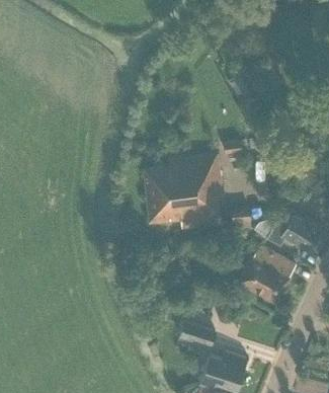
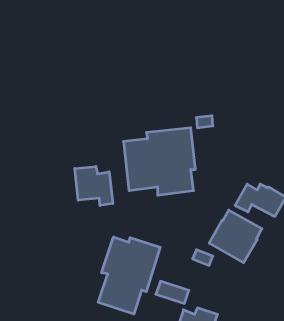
building: none -> [75,166,113,206]
building: none -> [98,237,160,314]

